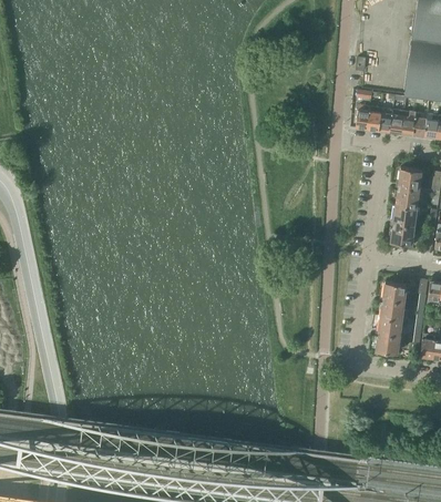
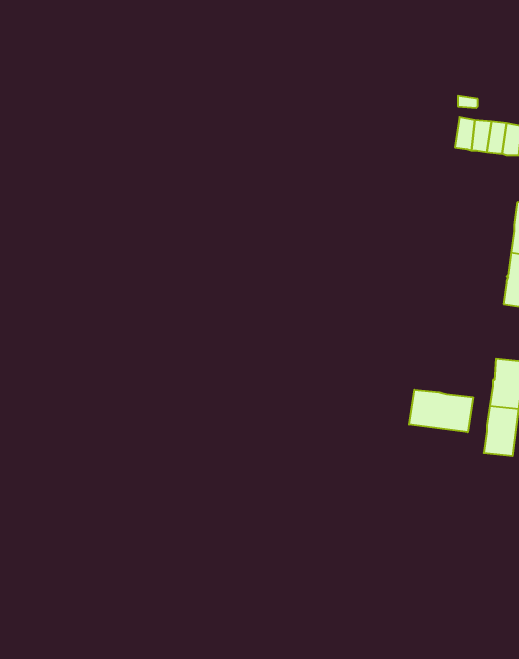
building: none -> [409,390,473,432]

